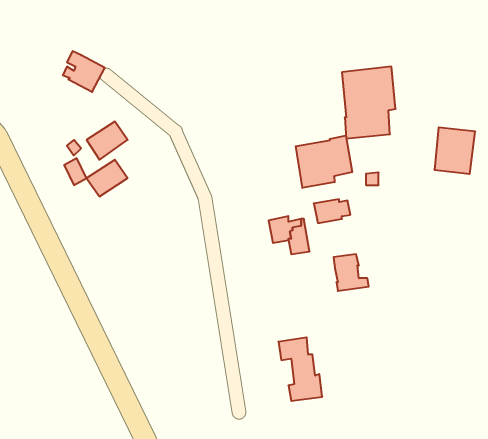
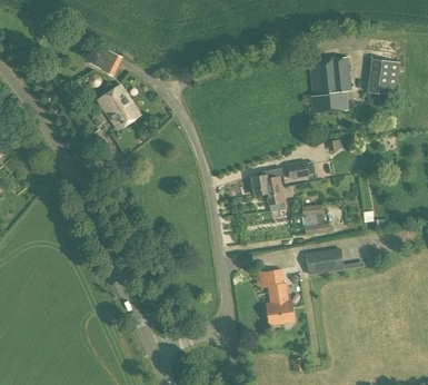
building: [434,127,475,174] -> [368,58,400,95]
building: [296,135,352,188] -> none
building: [87,160,128,196] -> [98,85,130,113]
building: none -> [306,248,345,274]

